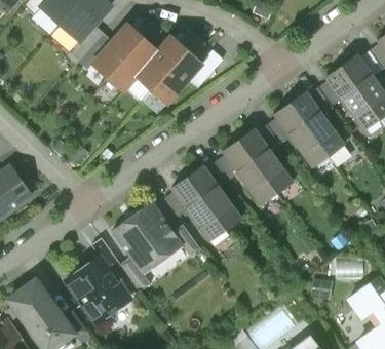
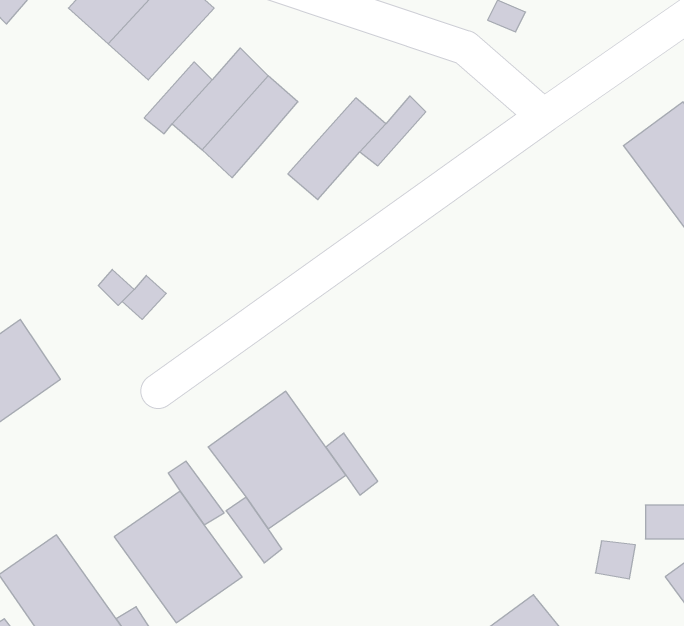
building: [138,38,187,91] -> none
building: [273,93,342,168] -> none
building: [222,129,292,204] -> none
building: [171,166,240,241] -> none

